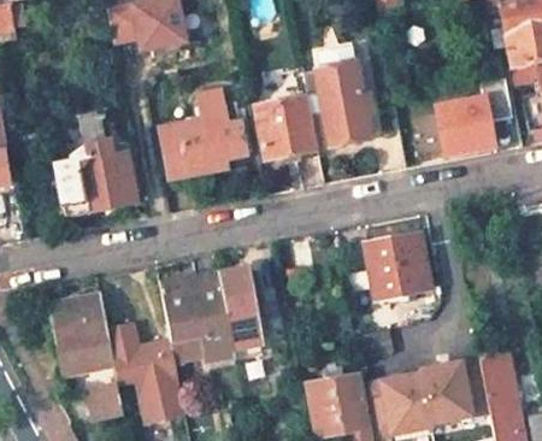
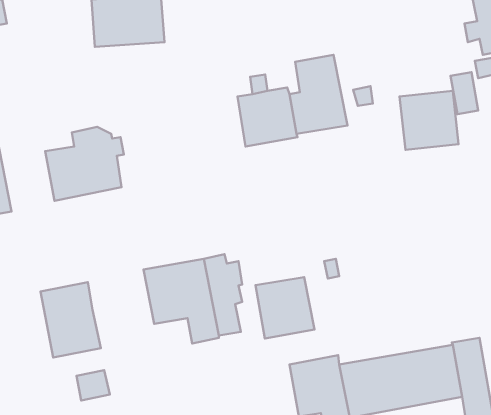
building: [160,86,245,174] -> none
building: [365,235,426,299] -> [256,277,315,339]
building: [105,321,184,425] -> none

